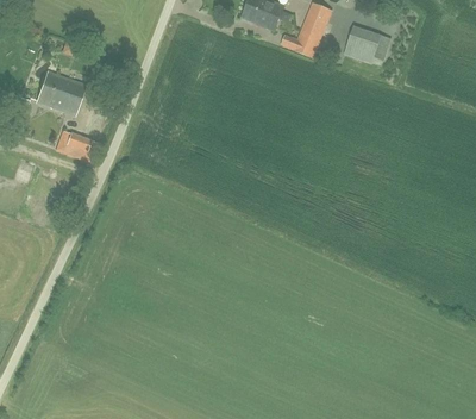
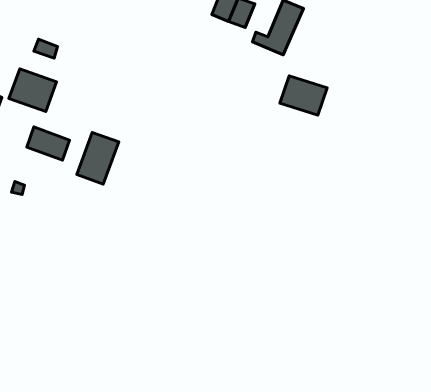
building: [343,26,390,65] -> [280,76,327,115]
building: none -> [77,132,119,184]

